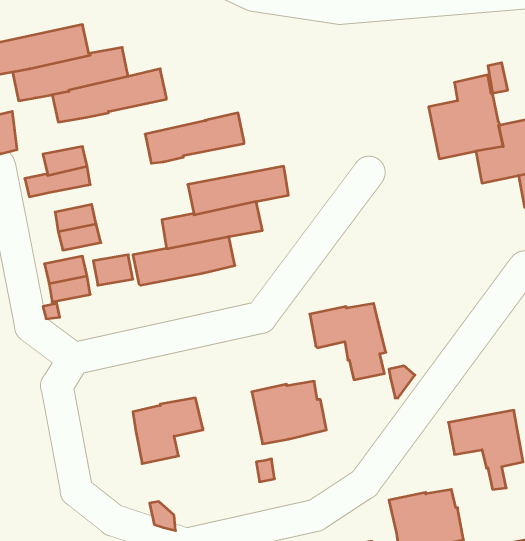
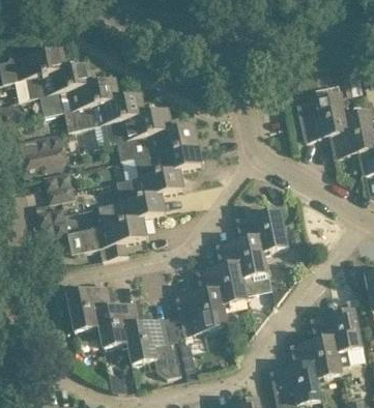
building: none -> [64,95,146,133]
building: none -> [131,125,199,158]
building: none -> [236,211,288,252]
building: none -> [80,218,148,260]
building: none -> [197,265,248,304]
building: none -> [66,287,115,331]
building: none -> [124,319,180,378]
building: none -> [291,339,342,378]

